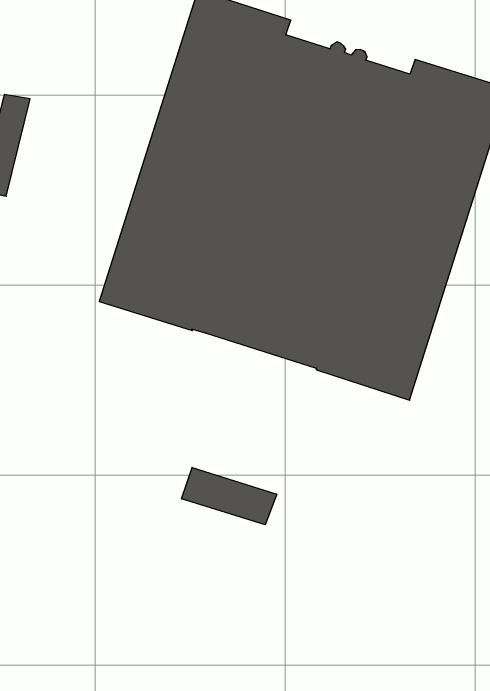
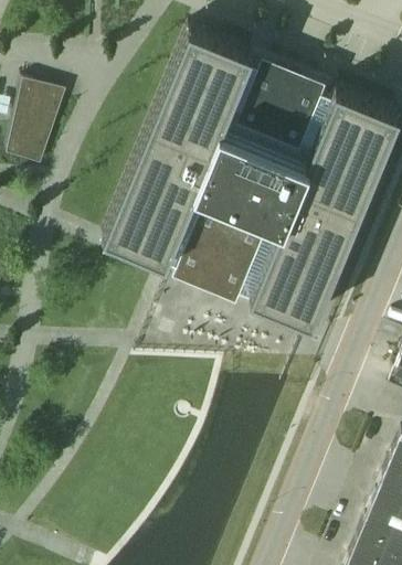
building: [182,467,277,525] -> none

